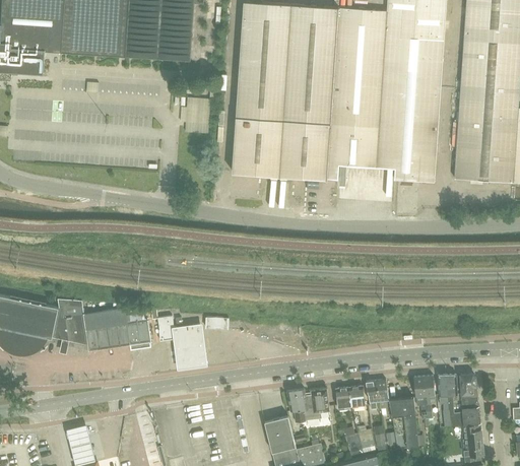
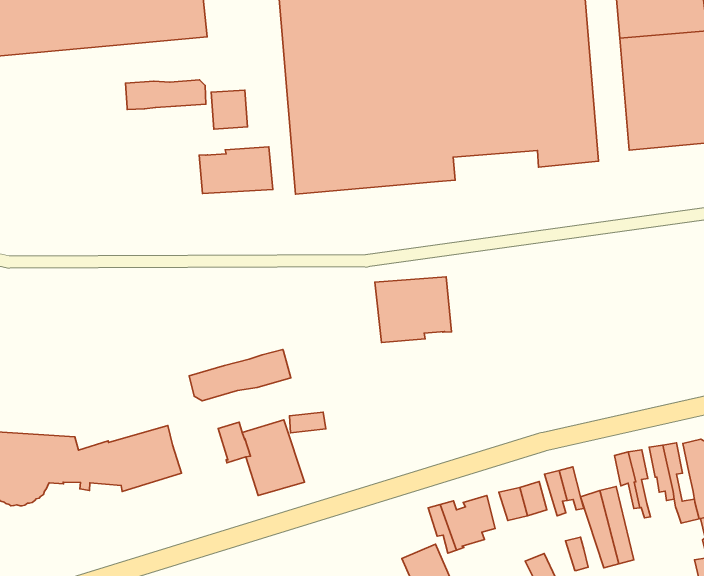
building: none -> [125,80,206,109]
building: none -> [199,147,273,194]
building: none -> [375,277,451,342]
building: none -> [189,349,291,401]
building: [126,321,150,349] -> none

